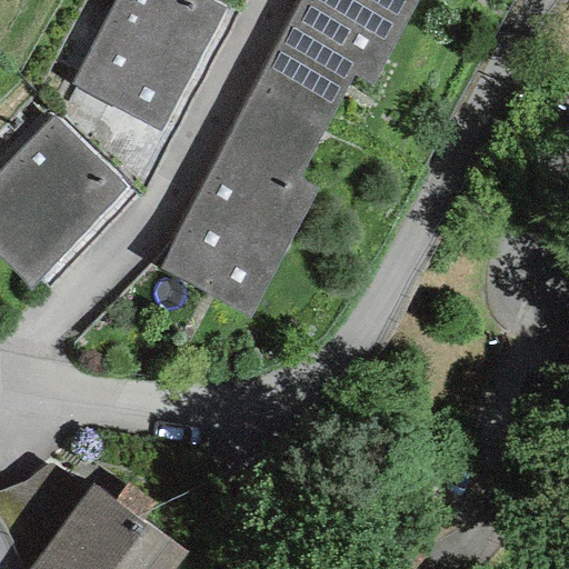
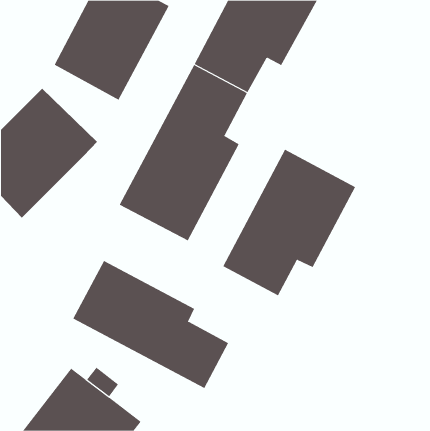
building: none -> [222,149,356,296]
building: none -> [72,260,229,389]

